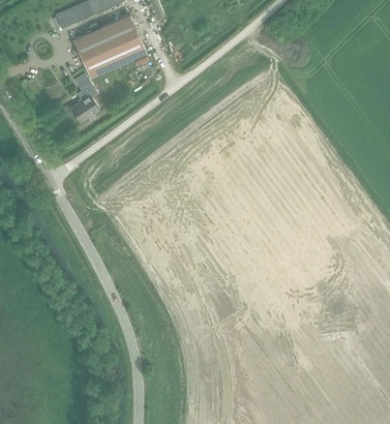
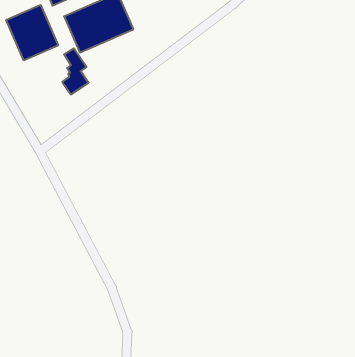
building: none -> [6,5,58,60]

